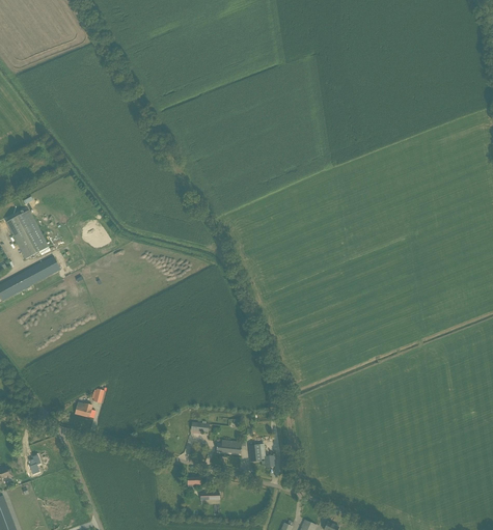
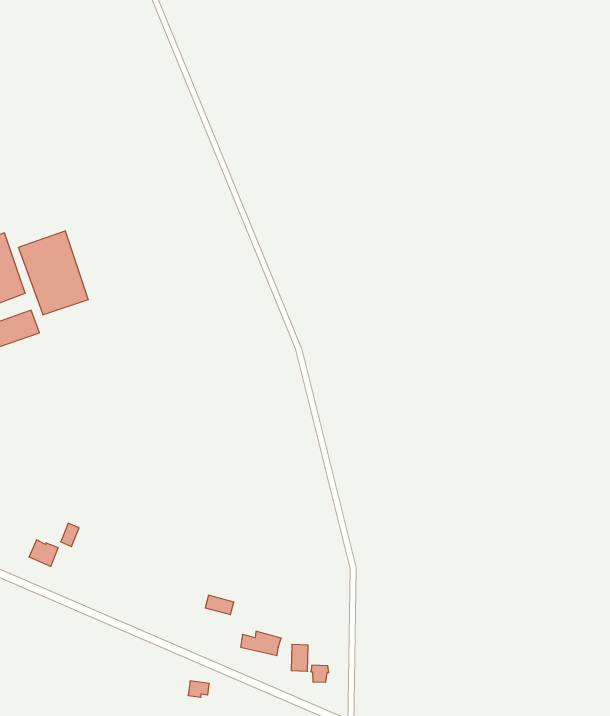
building: none -> [19,231,88,315]

